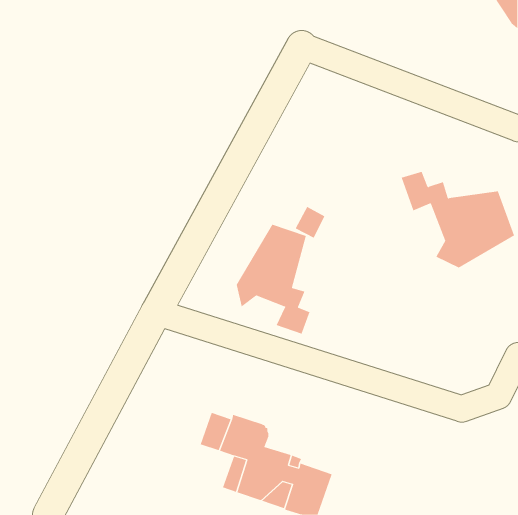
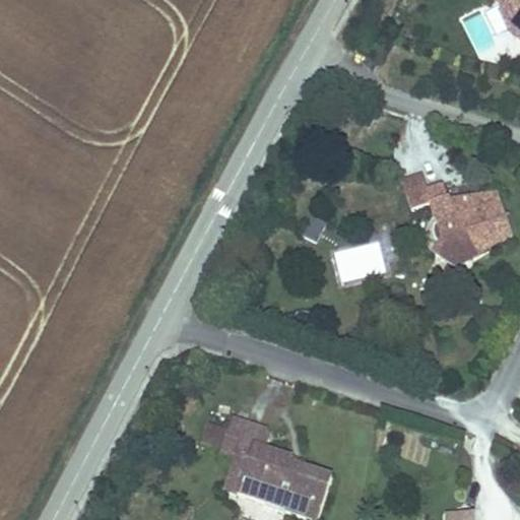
building: [236,224,310,334] -> none

